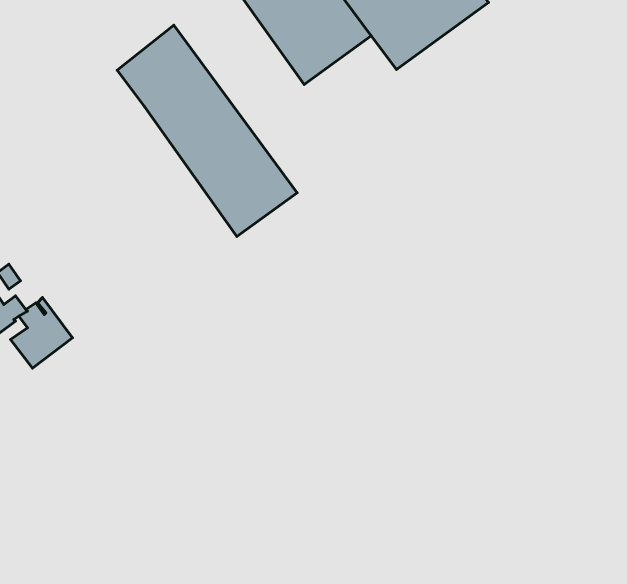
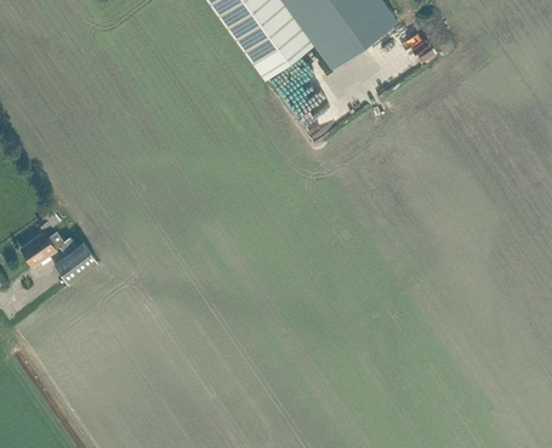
building: [117,25,297,236] -> none

